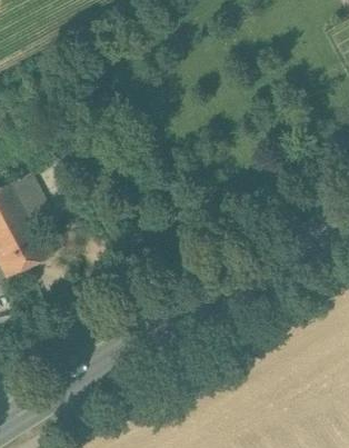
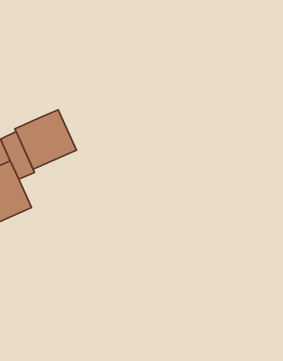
building: none -> [15,110,76,169]

